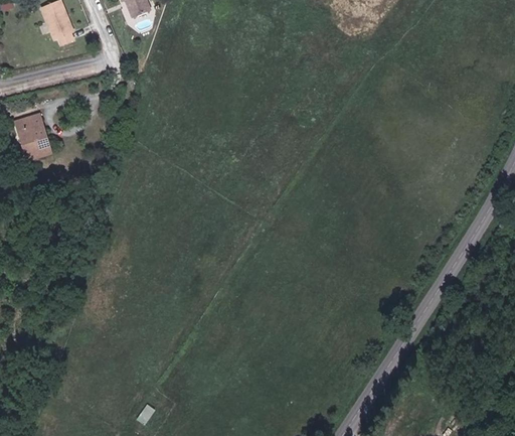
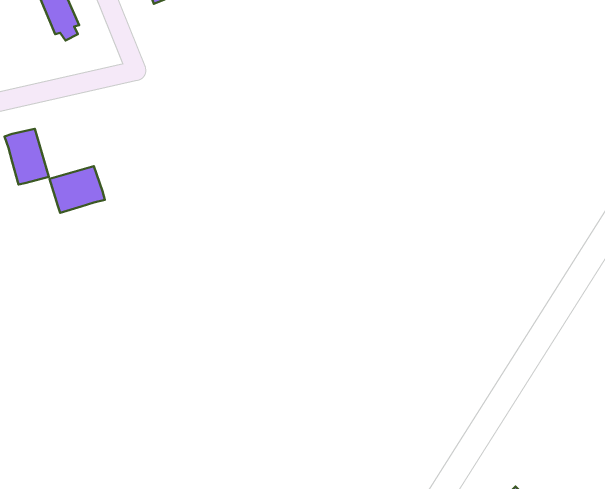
building: none -> [49,166,105,213]

